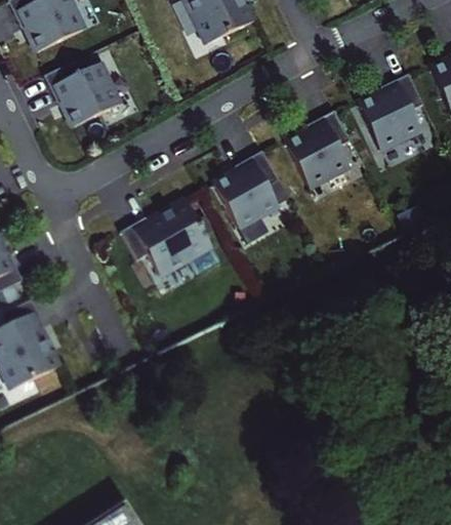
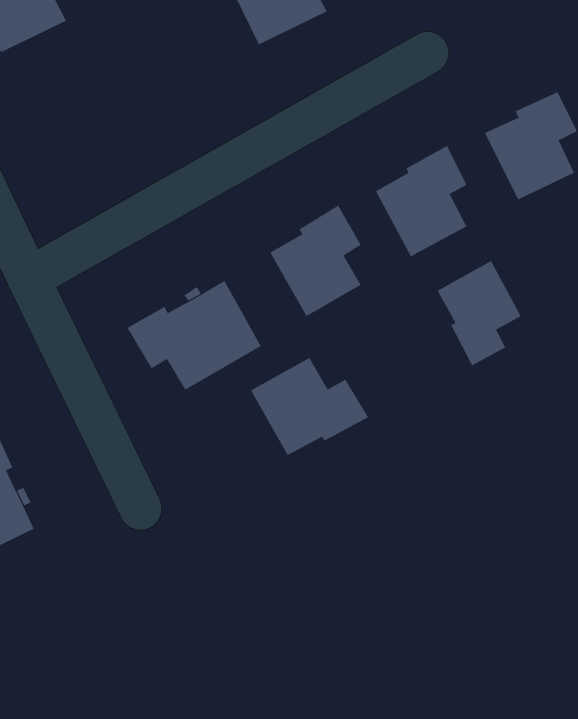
building: [45,65,117,126] -> none
building: none -> [437,260,521,366]
building: none -> [250,357,369,456]

